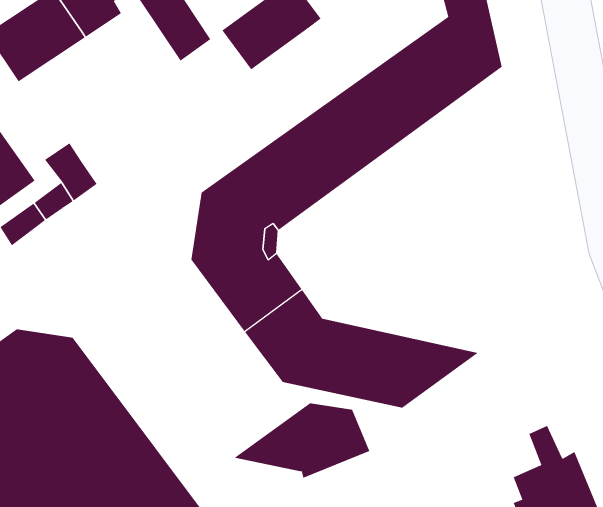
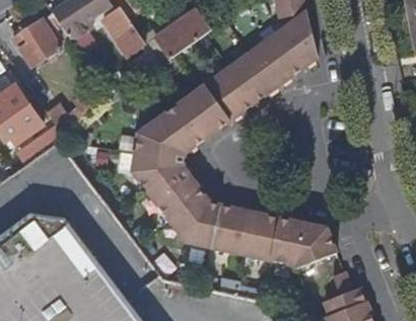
building: [234,403,370,479] -> [258,226,338,270]

